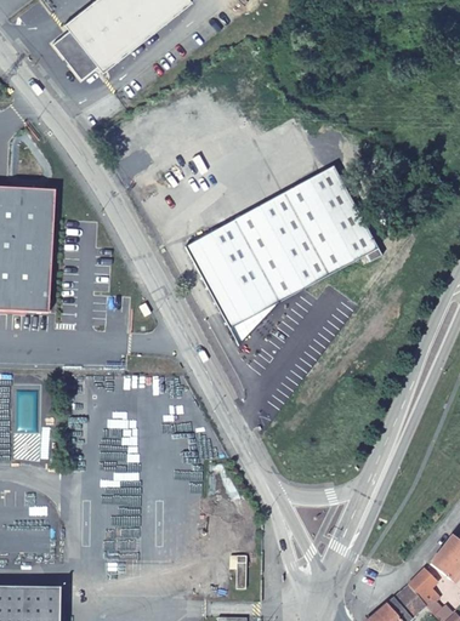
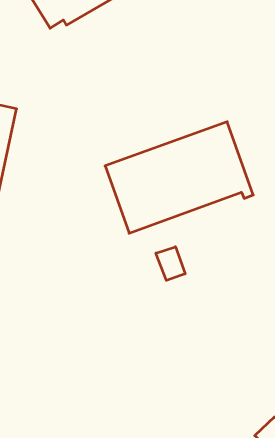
building: none -> [156,247,185,280]

